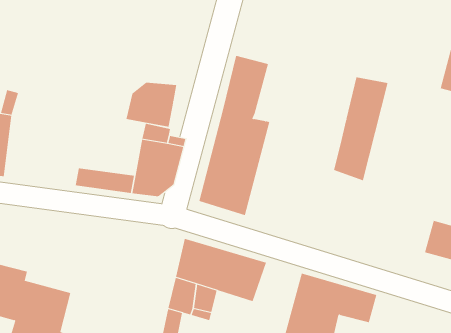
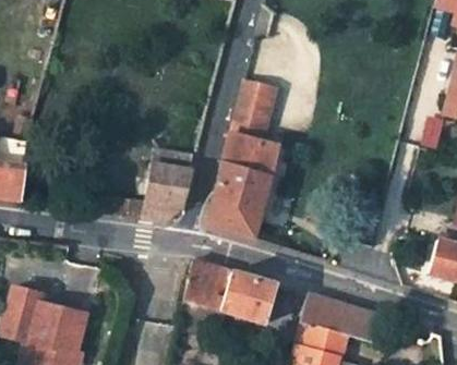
building: [334,77,388,181] -> none
building: [126,82,177,128] -> none

